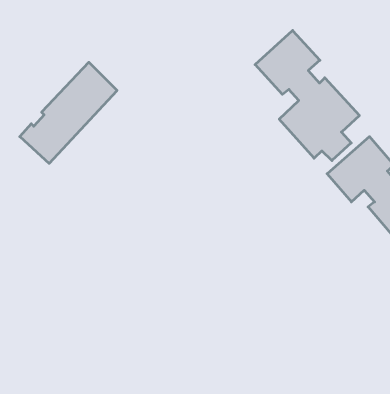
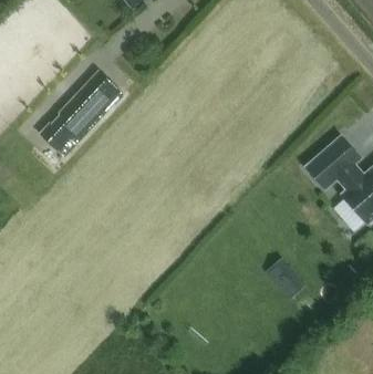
building: [255,30,359,161] -> none

